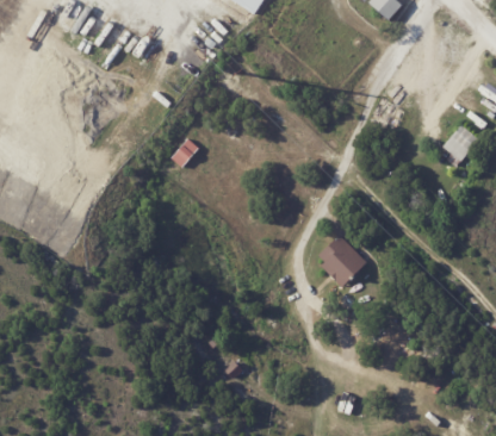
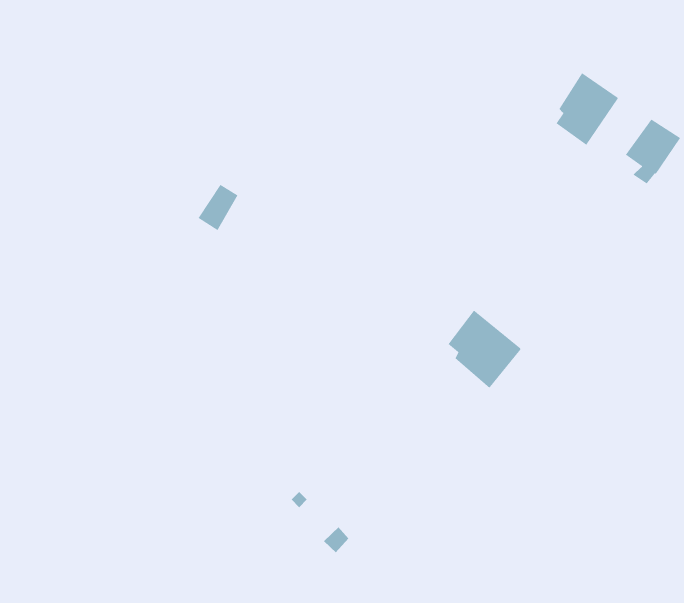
building: none -> [556,72,619,146]

